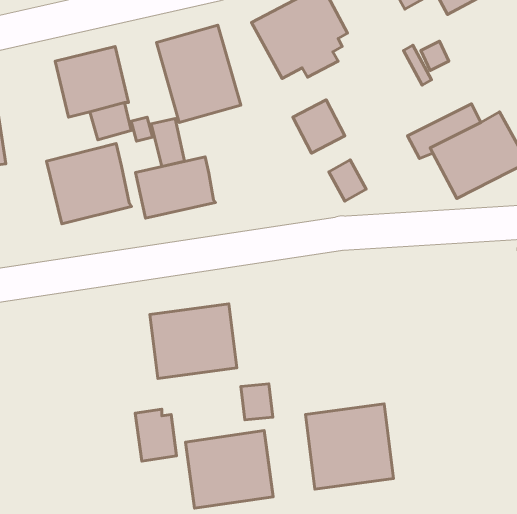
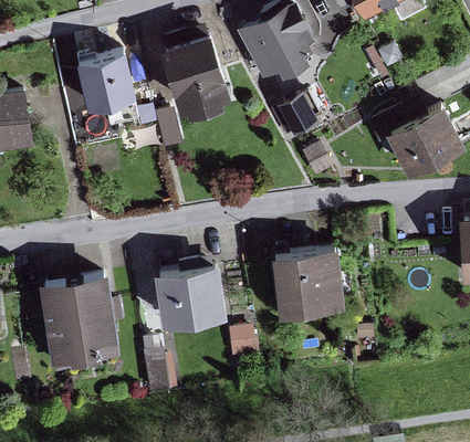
building: [47,144,131,224] -> none
building: [135,157,215,218] -> none
building: none -> [40,273,118,373]
building: [305,404,393,489] -> [272,248,345,318]
building: [185,431,273,508] -> none

